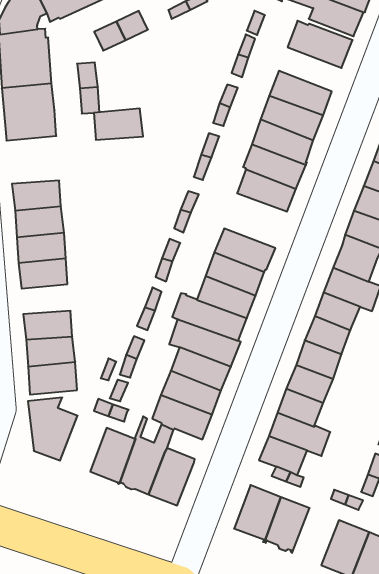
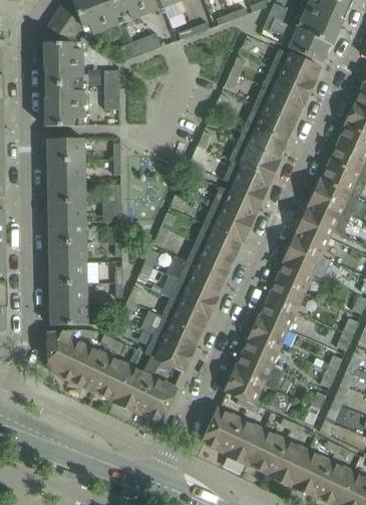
building: none -> [263,68,312,105]
building: [94,109,143,140] -> [48,139,85,161]
building: none -> [212,184,262,225]
building: none -> [50,242,87,263]
building: none -> [71,345,109,391]
building: none -> [248,430,286,473]

